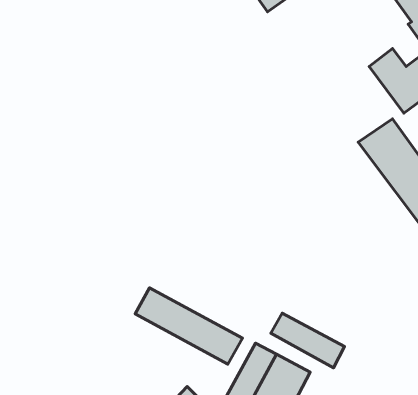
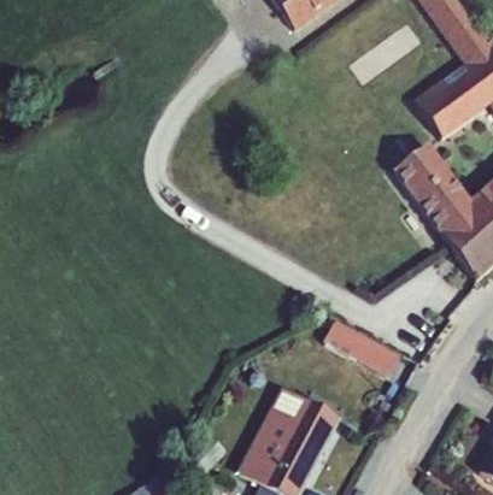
building: [135,288,242,364] -> none
building: [271,313,345,368] -> [322,319,401,378]

